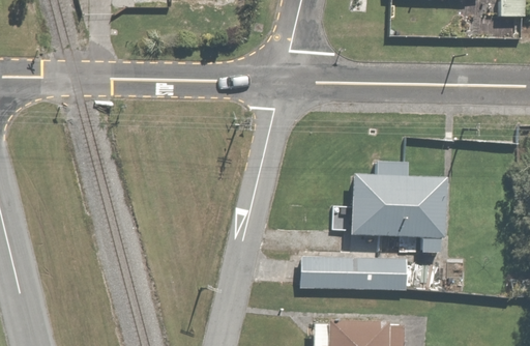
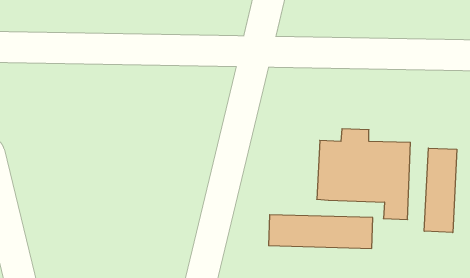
building: none -> [424,148,457,233]

